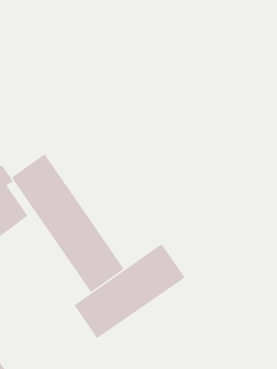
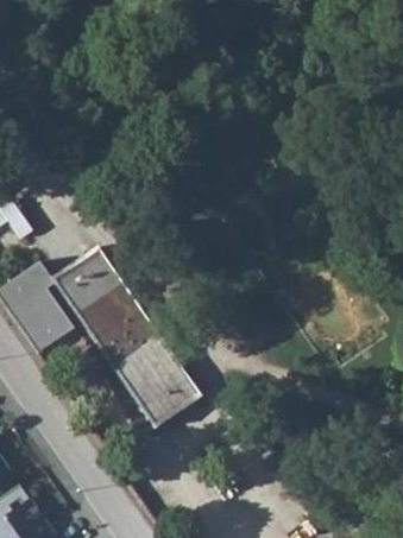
building: [73,243,185,339] -> none

